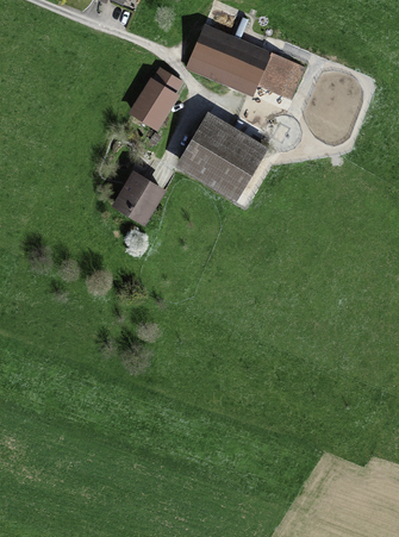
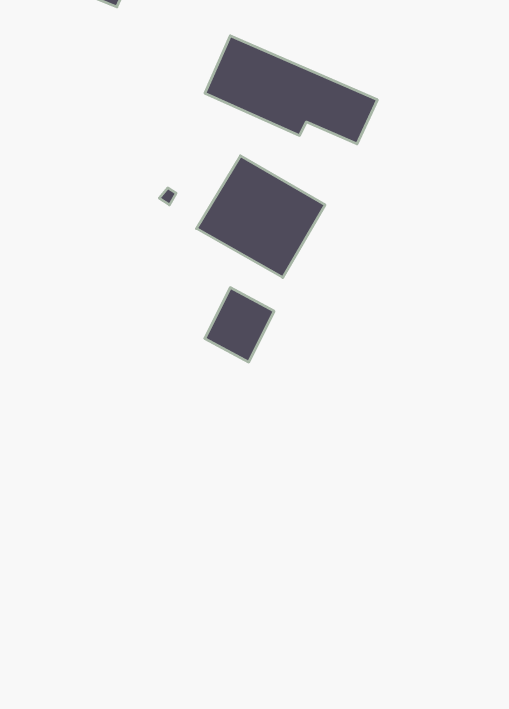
building: [126,67,185,130] -> none
building: [116,169,164,221] -> [205,288,274,362]

